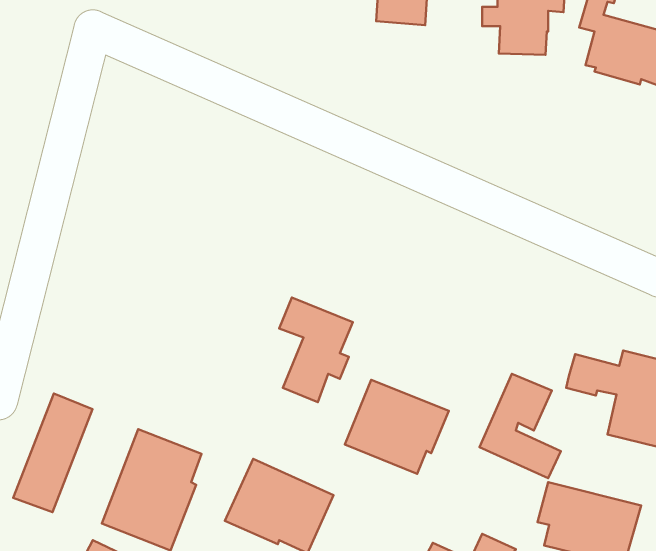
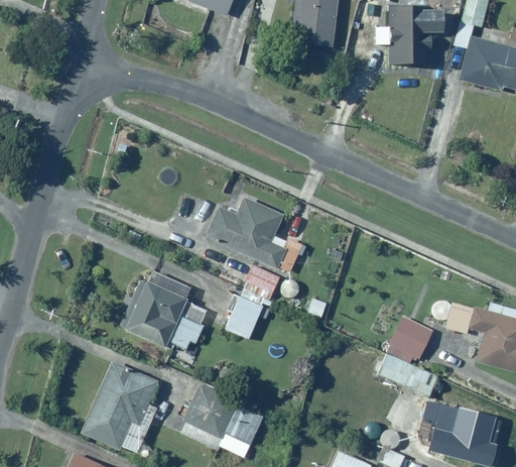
building: none -> [203,190,301,271]
building: none -> [124,277,207,351]
building: [345,380,449,474] -> none
building: [13,394,93,512] -> none

